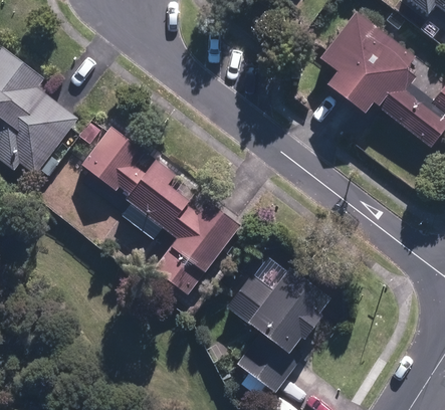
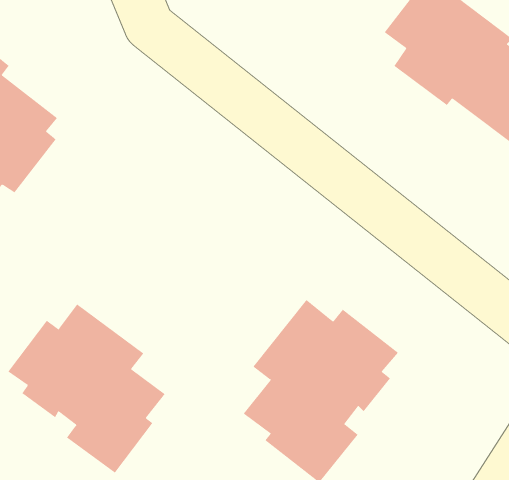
building: [78,124,241,296] -> none
building: none -> [7,303,166,473]

